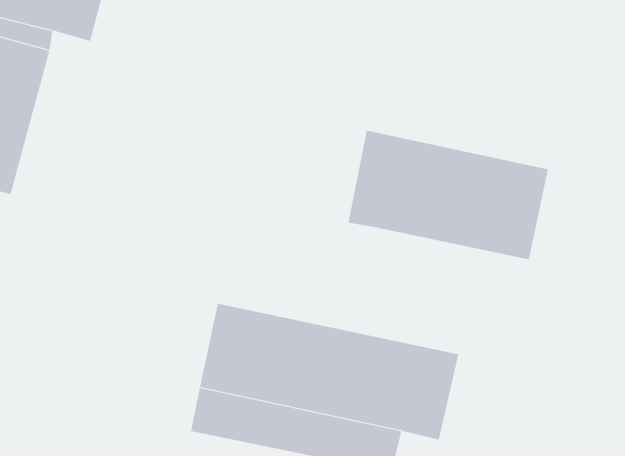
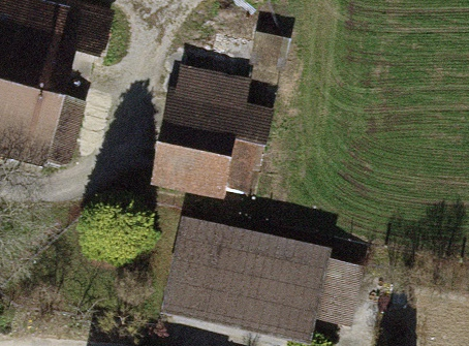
building: none -> [154,65,250,188]
building: [348,130,548,260] -> none

